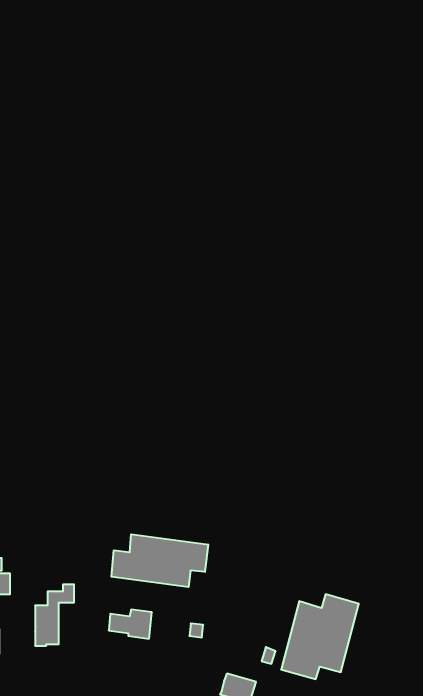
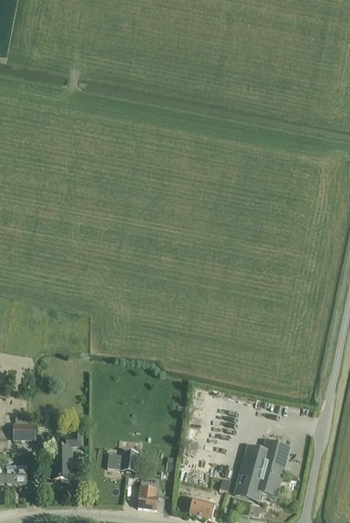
building: [111,534,208,587] -> none
building: none -> [138,486,158,510]

